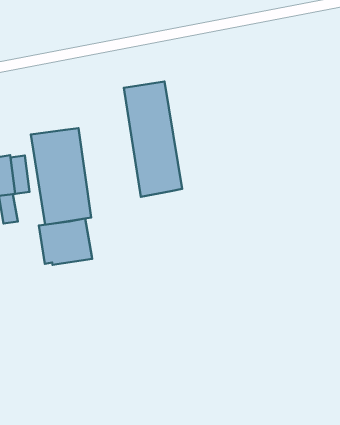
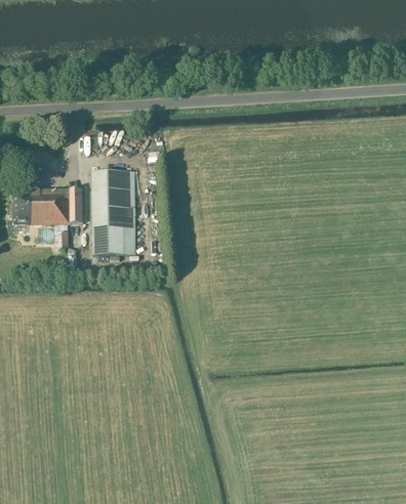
building: [124,82,182,197] -> none
building: [39,218,92,265] -> none

